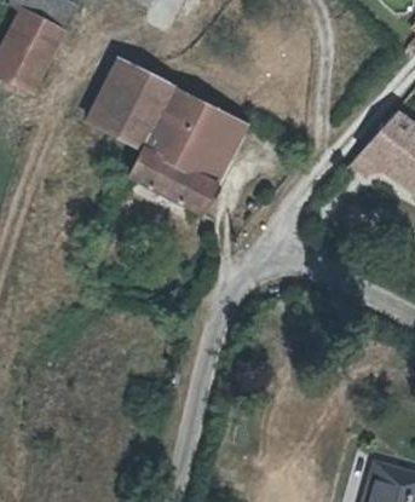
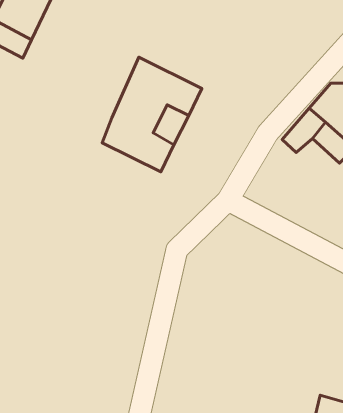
building: [90,58,174,152] -> none

